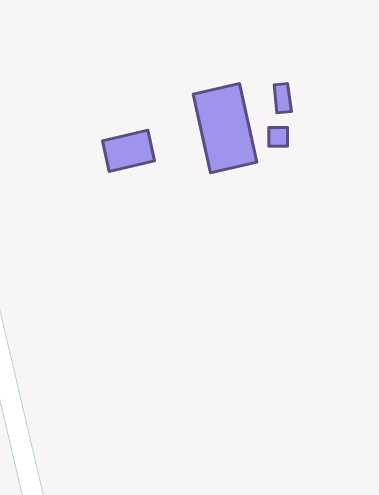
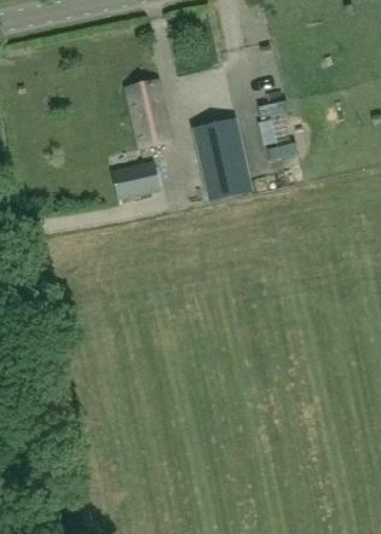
building: none -> [127,79,172,147]

